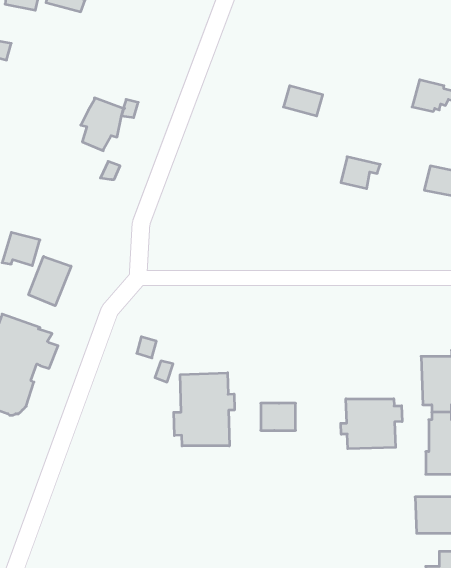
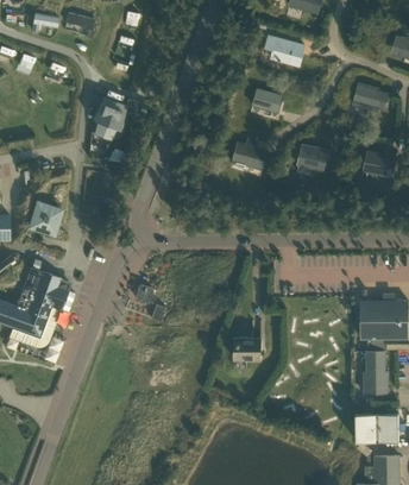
building: none -> [265,34,304,65]
building: none -> [233,138,268,169]
building: [29,256,71,306] -> none
building: [174,373,234,446] -> none
building: [341,399,402,449] -> none

